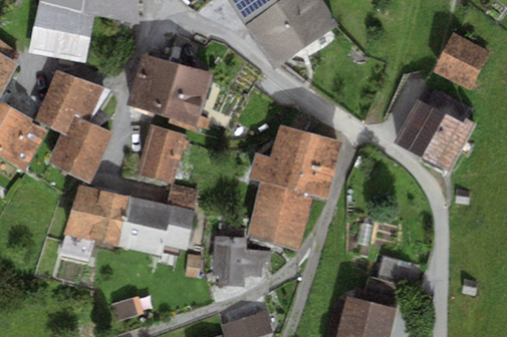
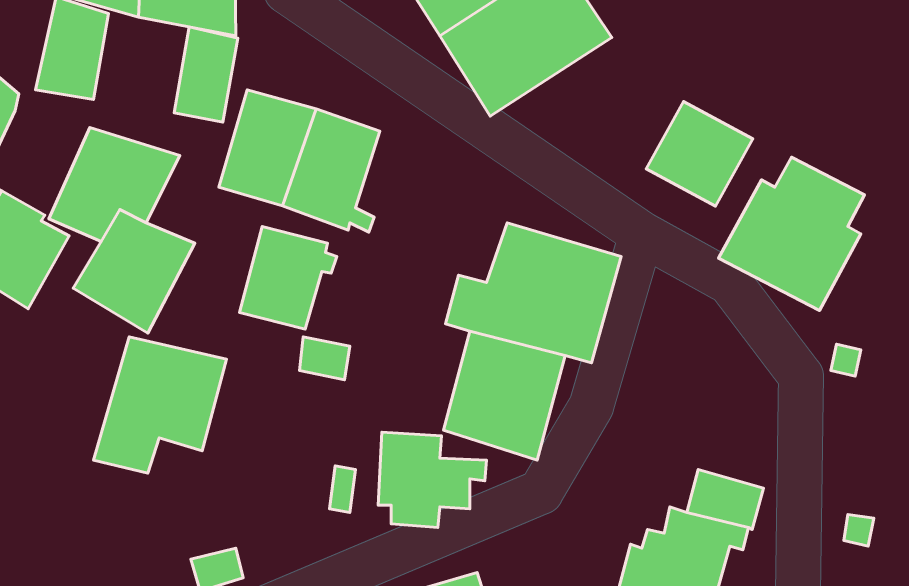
building: [59,11,93,62] -> [174,27,238,122]
building: [433,35,490,91] -> [646,101,753,206]
building: [117,197,194,257] -> none

